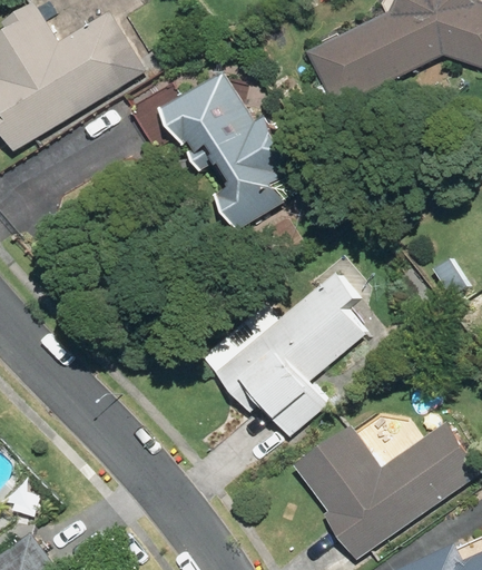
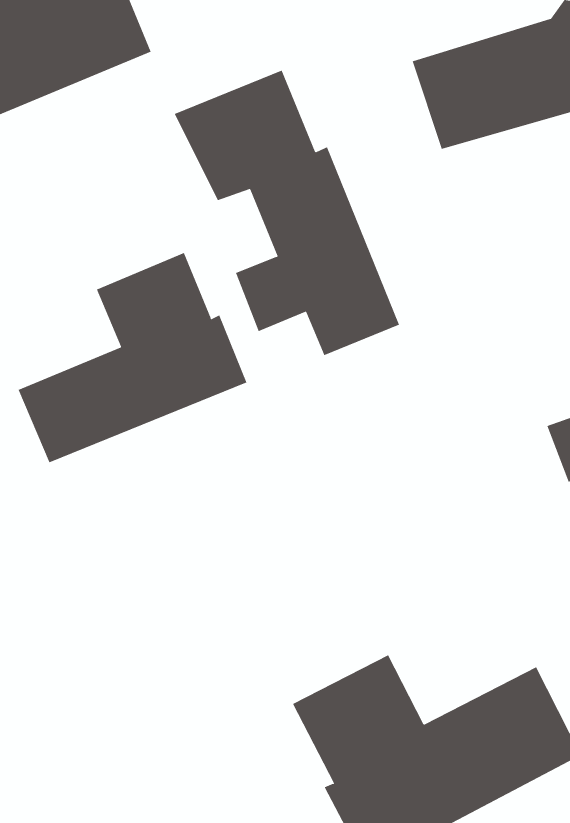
building: none -> [18,252,247,463]
building: [204,275,366,435] -> none

